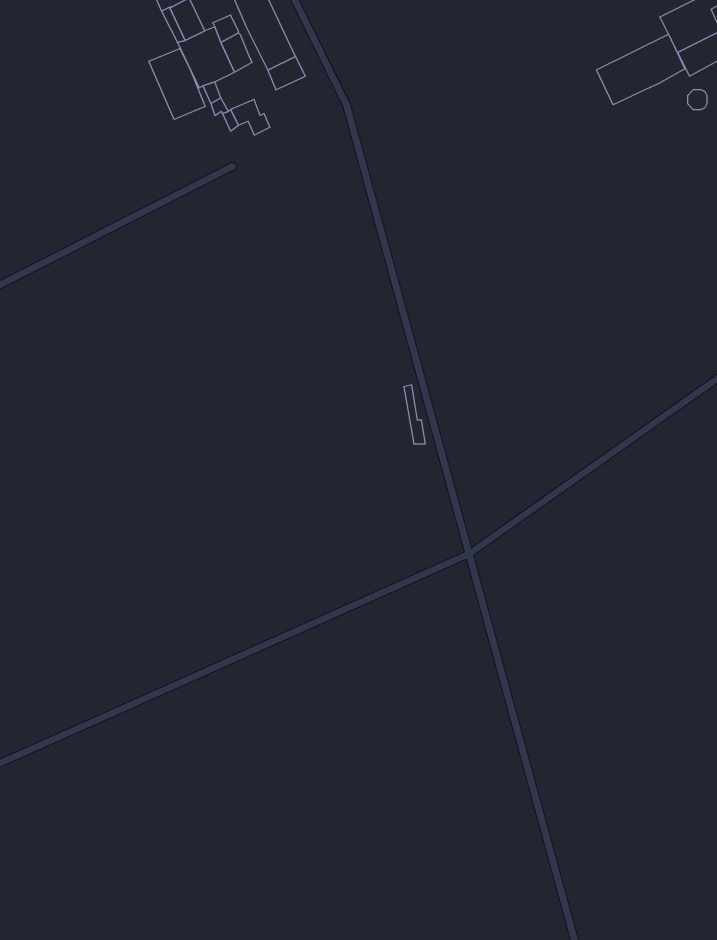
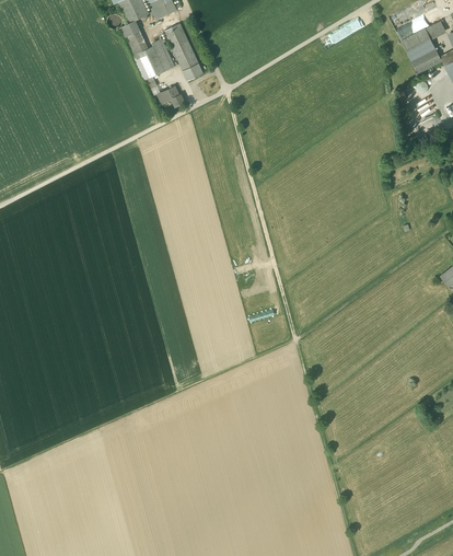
building: [597,34,685,105] -> none
building: [149,48,205,119] -> none

